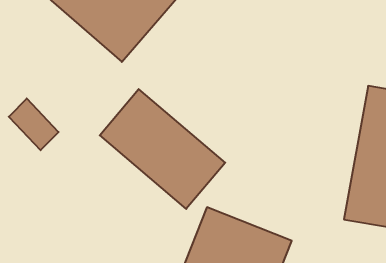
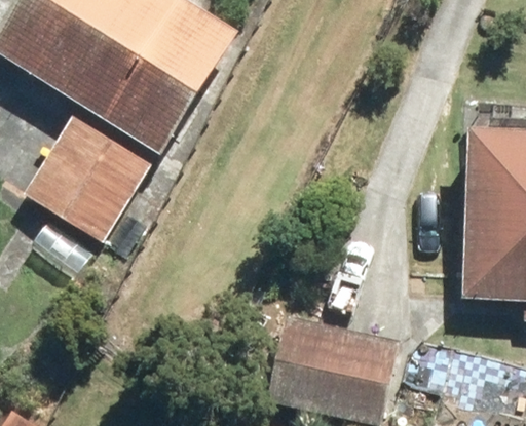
building: none -> [25,116,149,240]
building: [100,89,225,209] -> none

